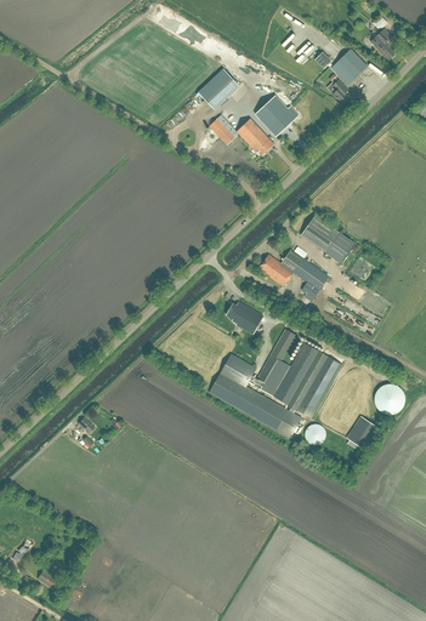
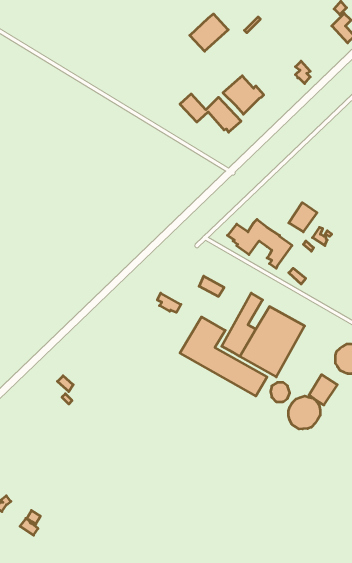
building: [330,49,367,85] -> none
building: [198,69,239,109] -> [190,14,228,51]
building: [300,213,339,252] -> none
building: none -> [288,396,320,429]

